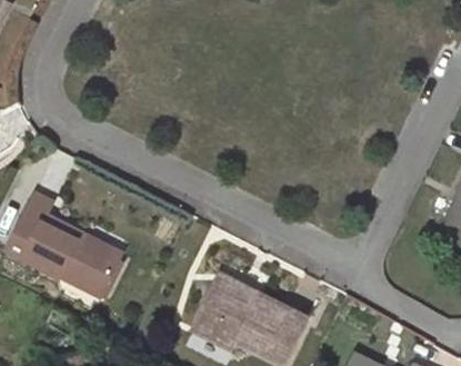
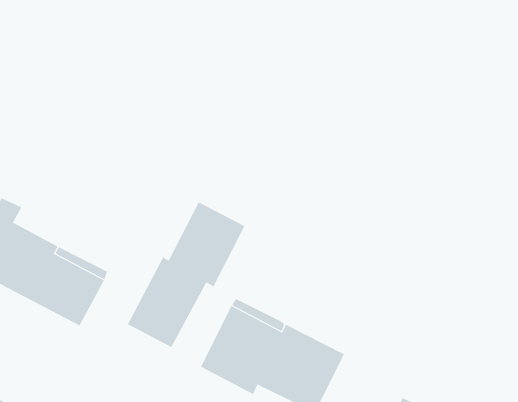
building: none -> [127,201,245,348]

